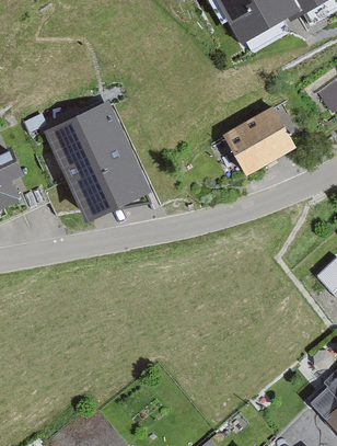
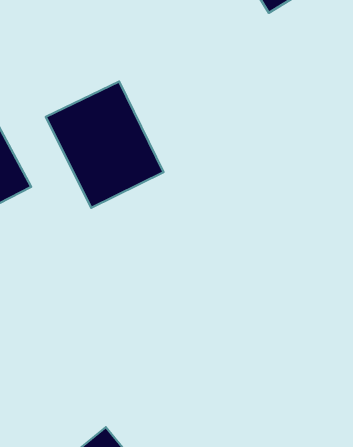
building: [223,103,295,175] -> none

